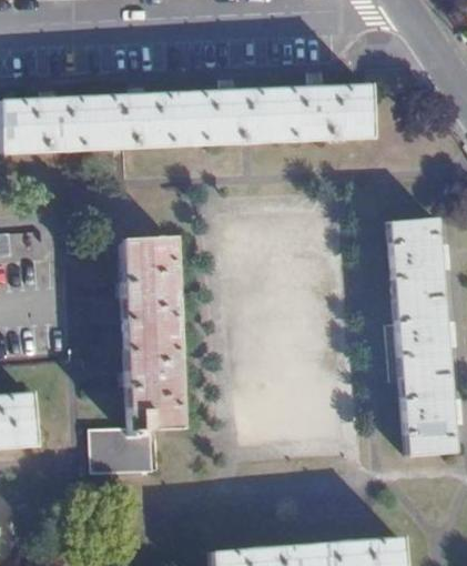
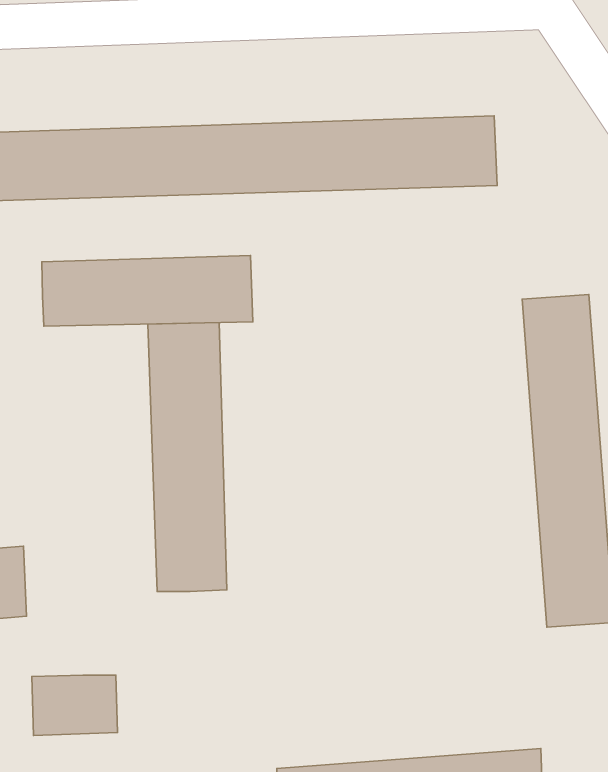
building: none -> [42,256,253,326]
building: [92,427,153,471] -> [32,675,117,736]

